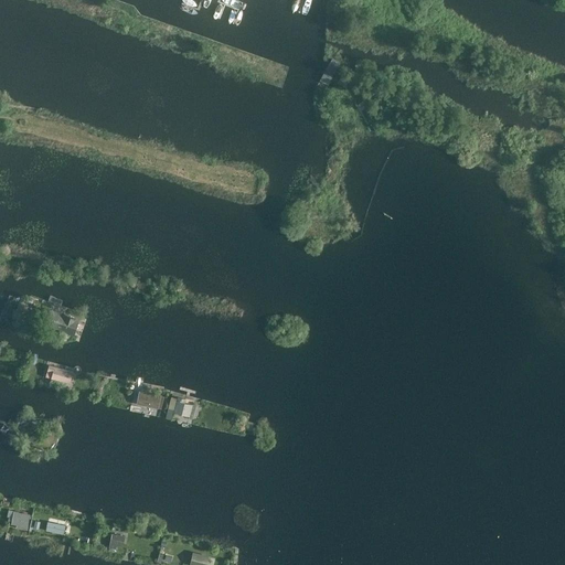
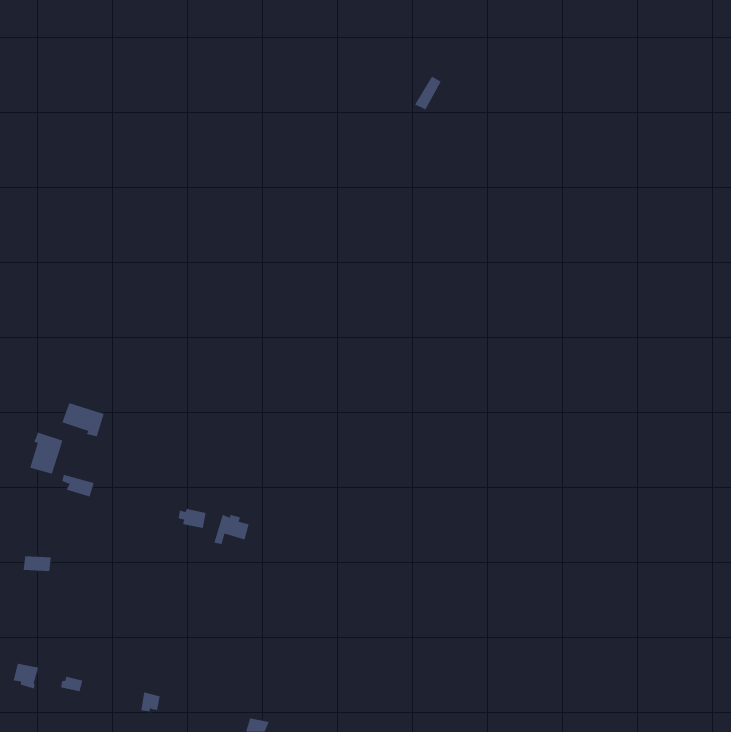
building: none -> [29,432,63,475]

